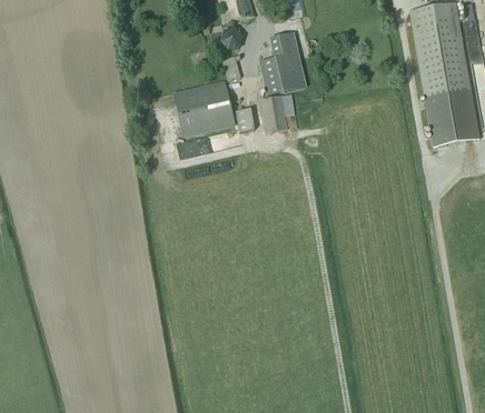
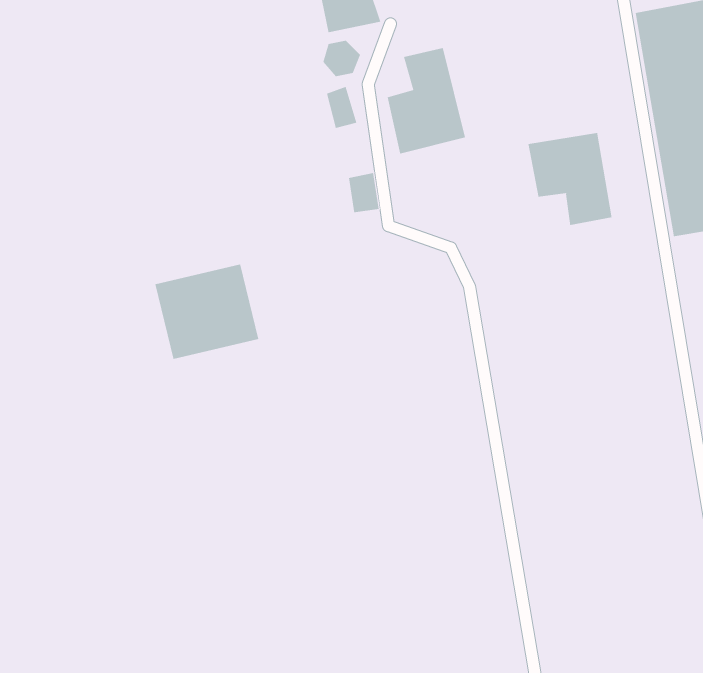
building: [172,79,236,137] -> [155,264,259,359]
building: none -> [528,132,612,226]
building: [259,92,295,131] -> none

